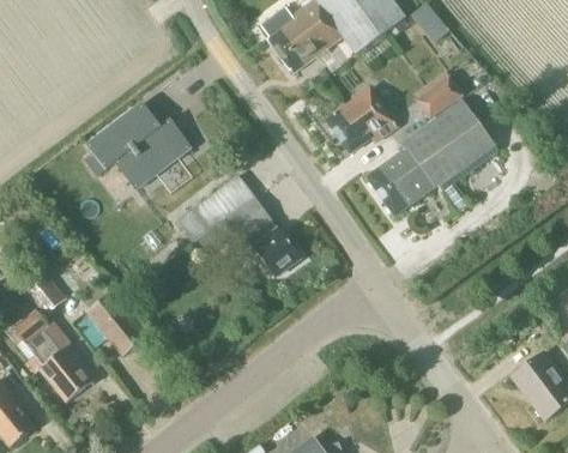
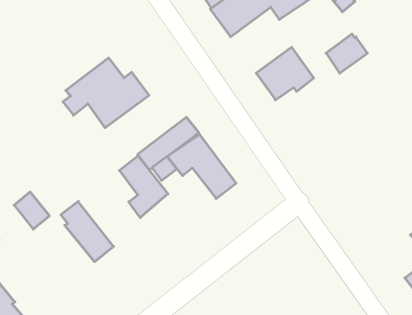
building: [365,98,497,215] -> none
building: none -> [119,156,168,218]
building: [13,308,92,400] -> none

